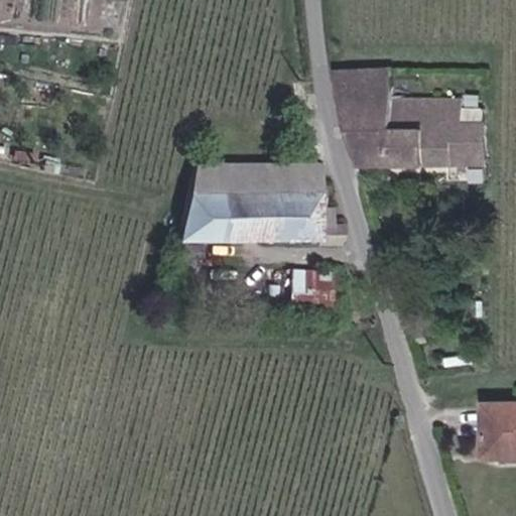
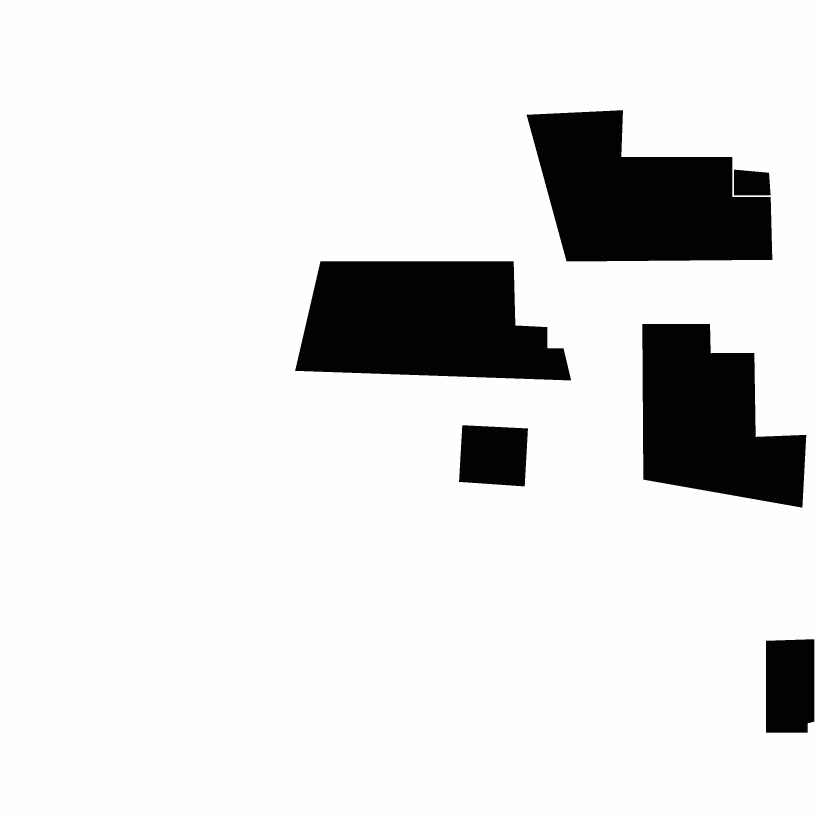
building: none -> [641,323,807,509]

